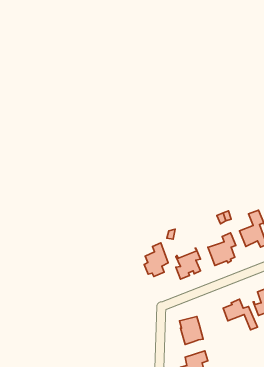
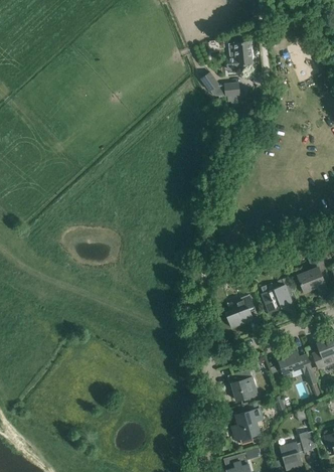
building: none -> [226,39,252,69]
building: none -> [201,72,239,96]
building: [144,243,168,277] -> none

